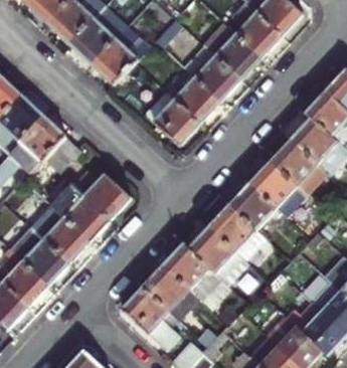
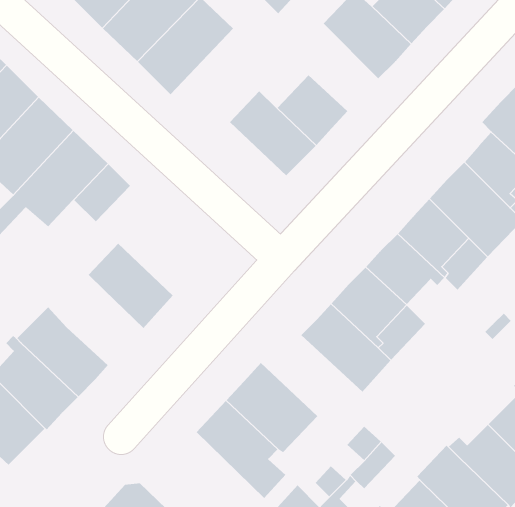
building: [185,47,240,103] -> none
building: [75,171,131,219] -> none
building: [43,216,92,263] -> none
building: [166,239,233,306] -> none

